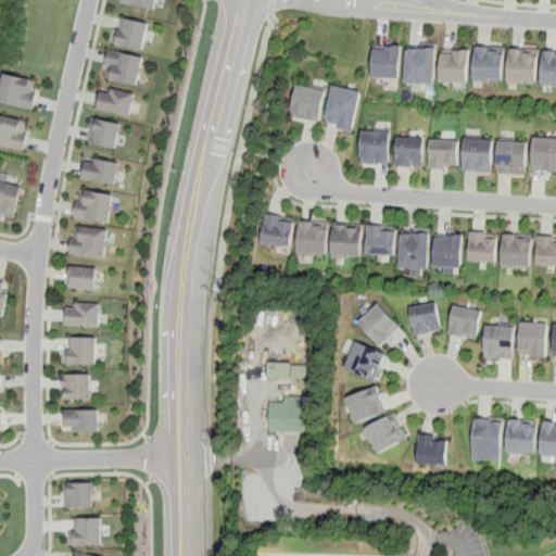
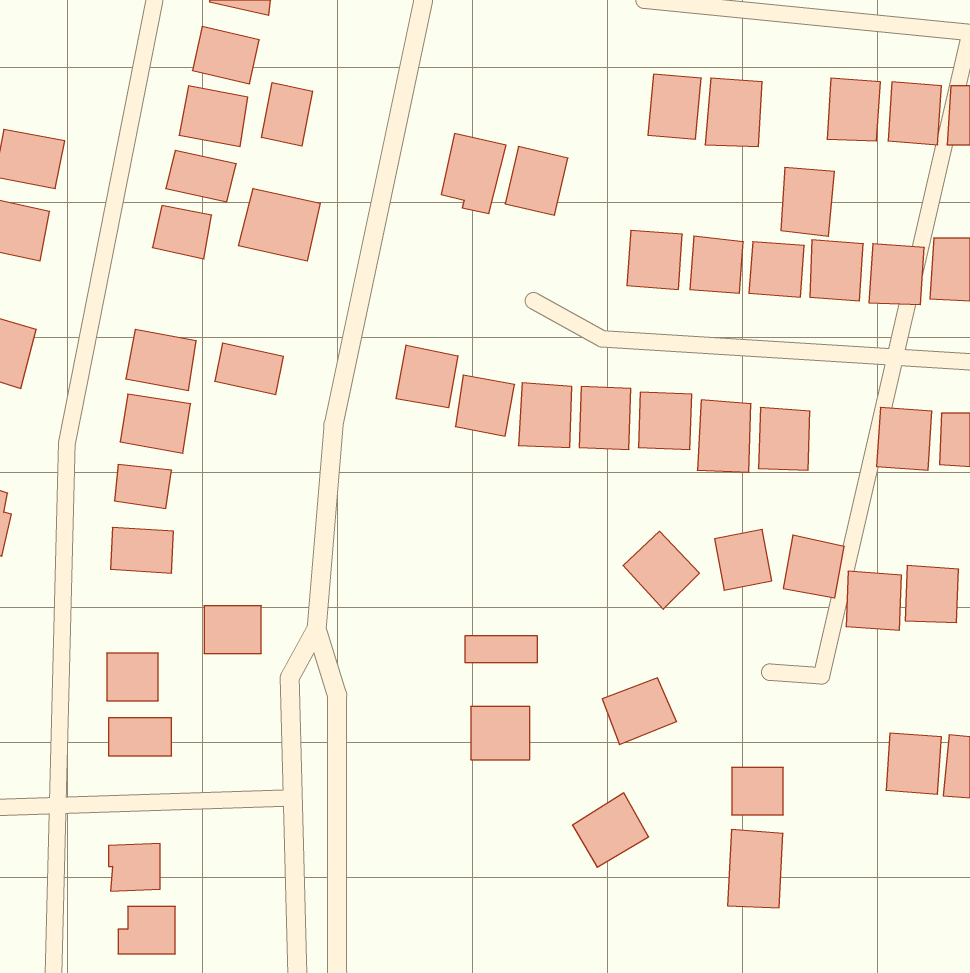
building: [438,43,468,83] -> [781,168,834,236]
building: none -> [262,83,312,146]
building: [323,86,359,131] -> [441,134,506,214]
building: none -> [238,188,320,261]
building: [79,155,118,185] -> [215,343,283,395]
building: none -> [396,345,458,408]
building: [466,229,496,263] -> none
building: [62,337,94,364] -> [204,606,261,653]
building: [342,342,384,381] -> none
building: [362,414,405,456] -> [572,793,649,867]
building: [470,417,502,462] -> [728,830,783,908]

